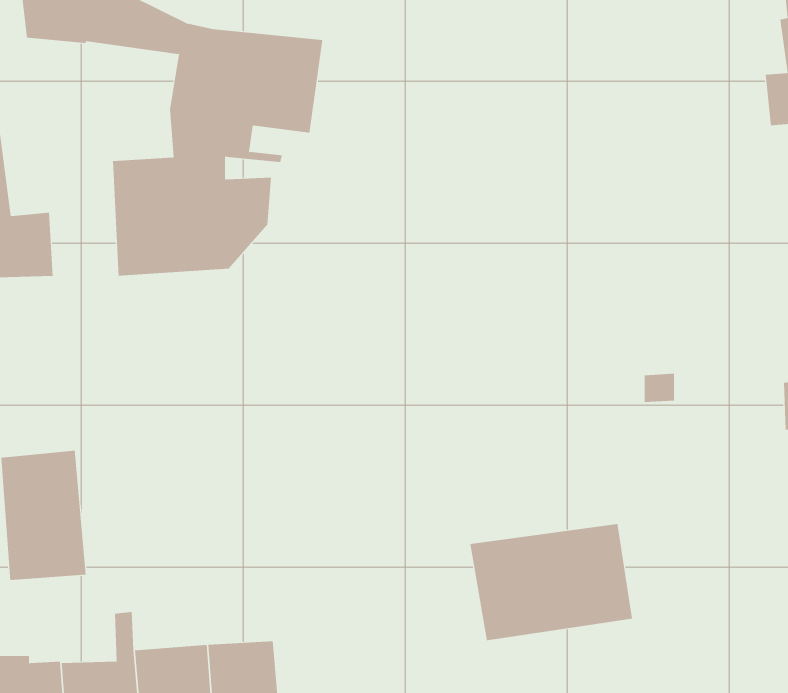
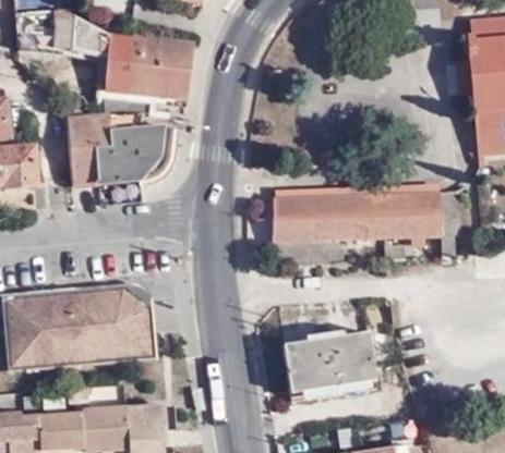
building: none -> [274,192,465,262]
building: none -> [47,282,155,363]

